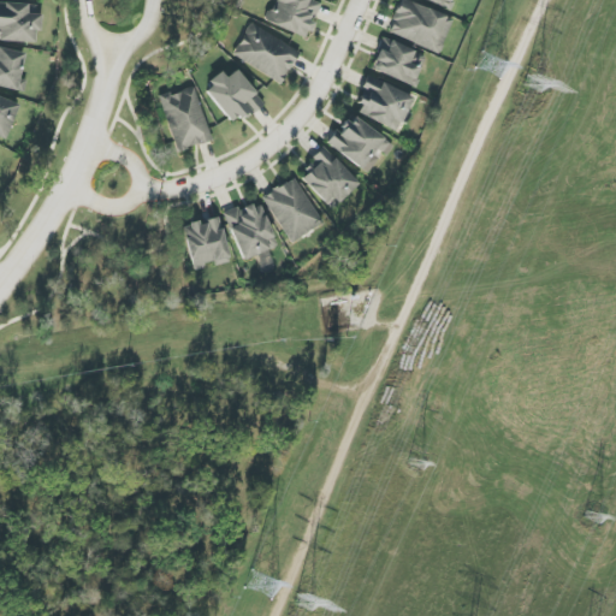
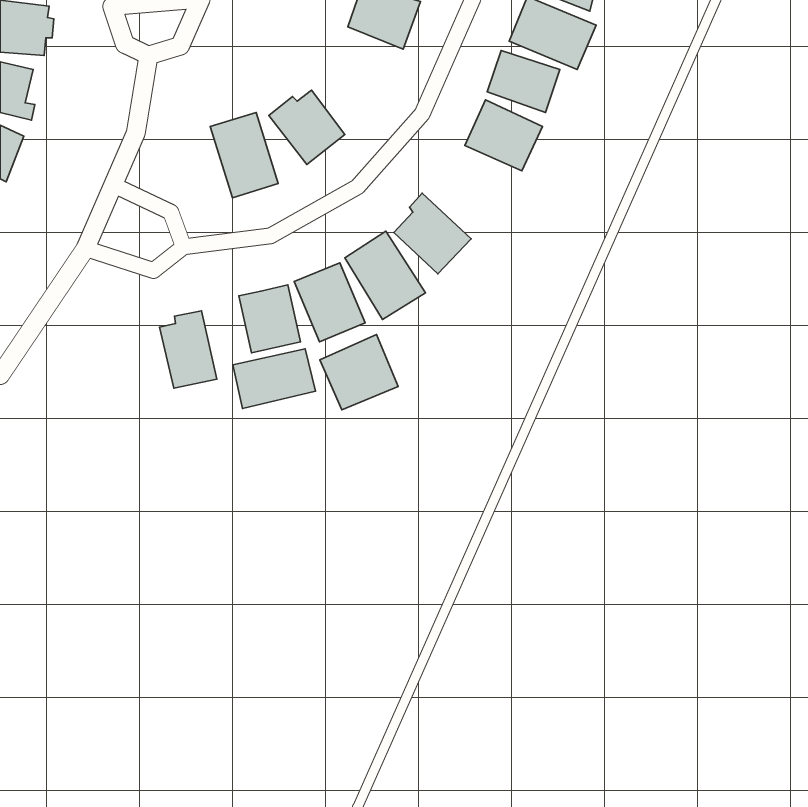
building: [232,23,300,83] -> none
building: [326,117,395,172] -> none
building: none -> [160,311,217,388]
building: none -> [320,334,398,410]
building: none -> [233,349,315,408]

